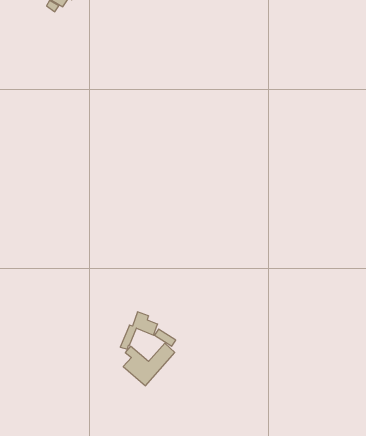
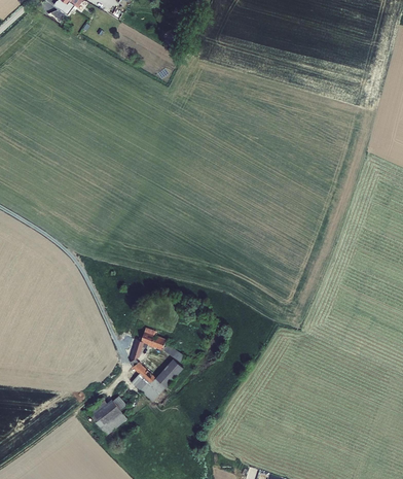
building: none -> [87,395,127,436]

